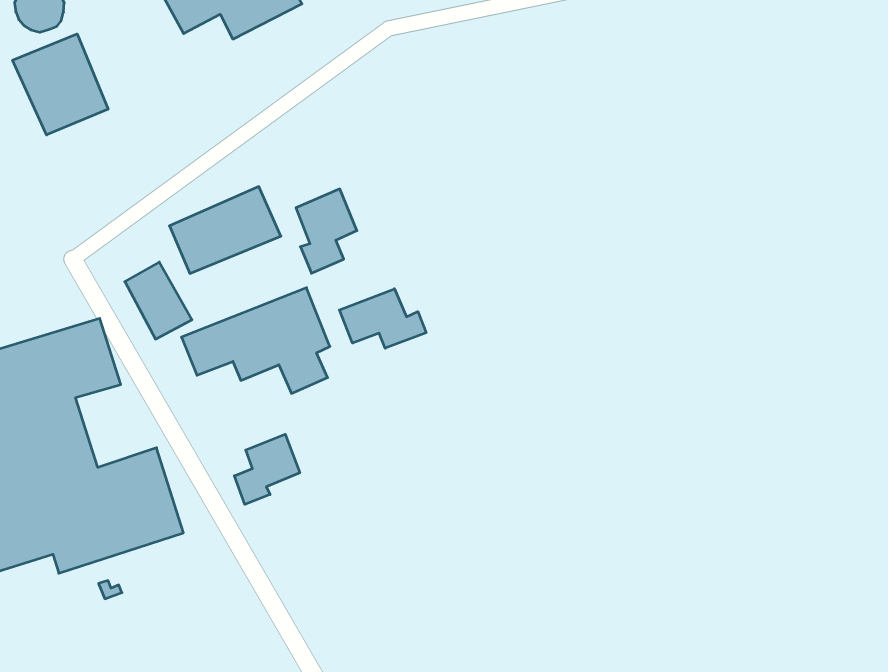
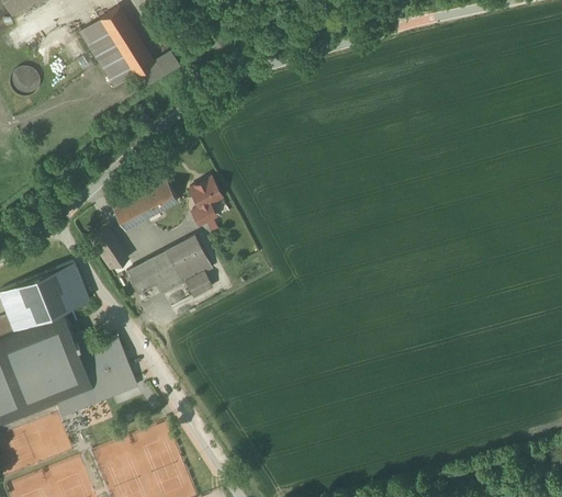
building: [13,34,108,135] -> none
building: [339,289,426,348] -> none
building: [234,434,300,504] -> none

